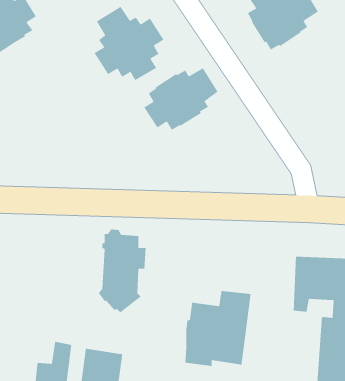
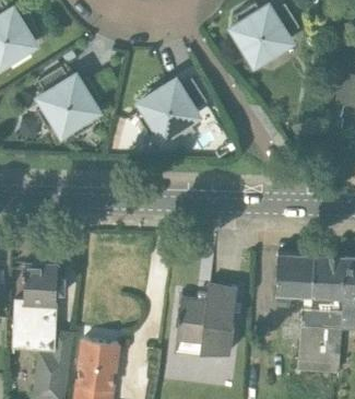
building: [94,6,164,81] -> [36,68,102,138]
building: [98,228,146,313] -> [20,258,64,337]

